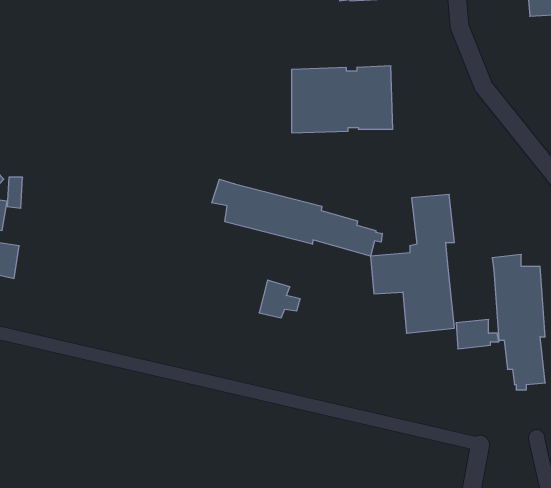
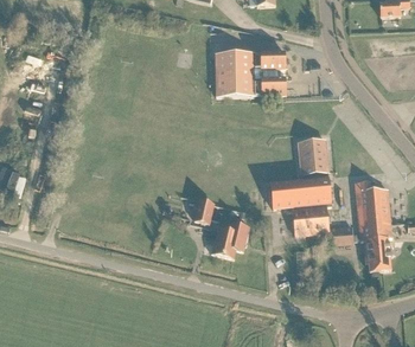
building: [212,179,382,256] -> none
building: none -> [211,223,249,257]

